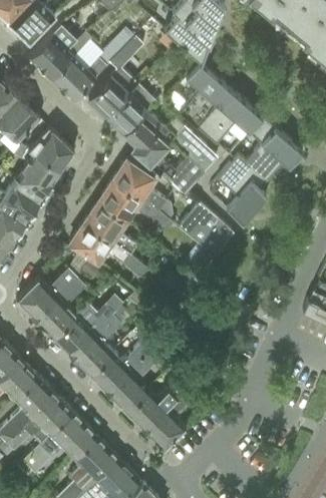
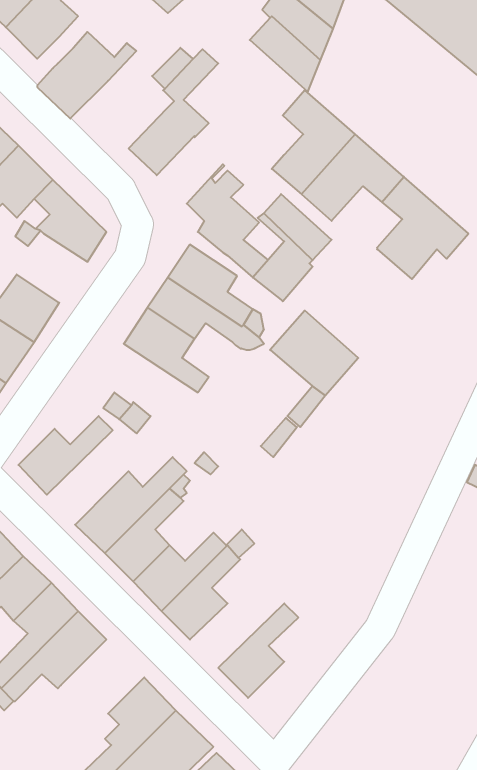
building: [50,56,107,102] -> none
building: [105,83,156,134] -> none
building: [16,153,61,197] -> none
building: [218,155,268,222] -> none
building: [70,223,147,278] -> none
building: [35,279,85,339] -> none
building: [126,380,187,430] -> none
building: [23,412,97,473] -> none

